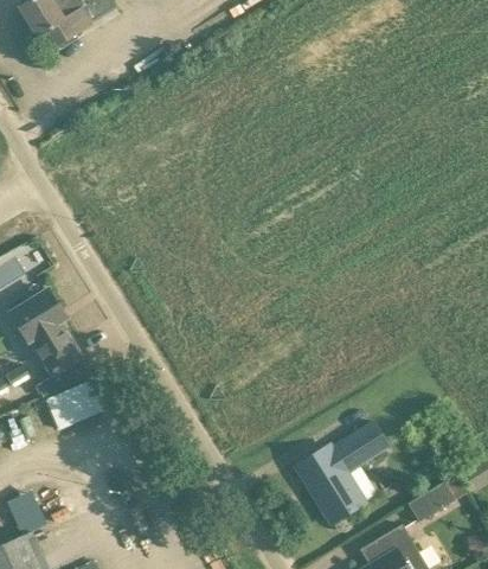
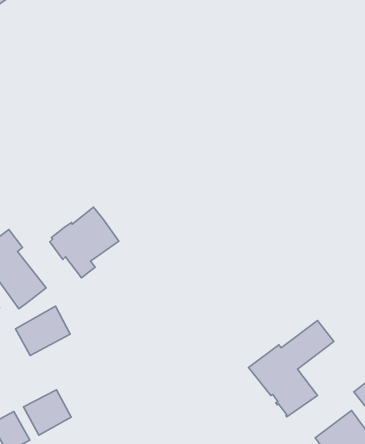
building: none -> [50,207,119,278]
building: none -> [23,390,71,435]

